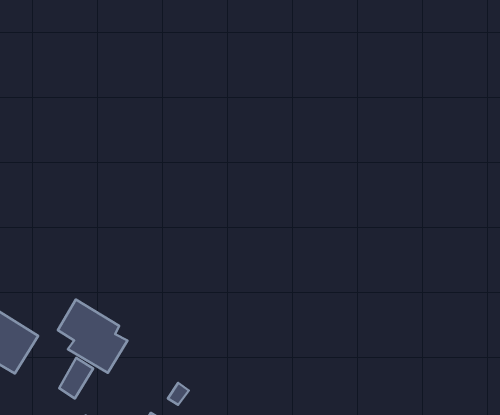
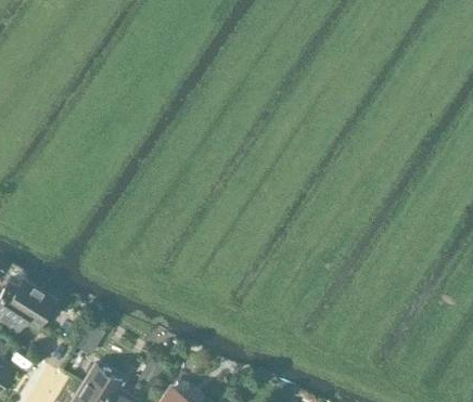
building: [58,300,128,373] -> none

